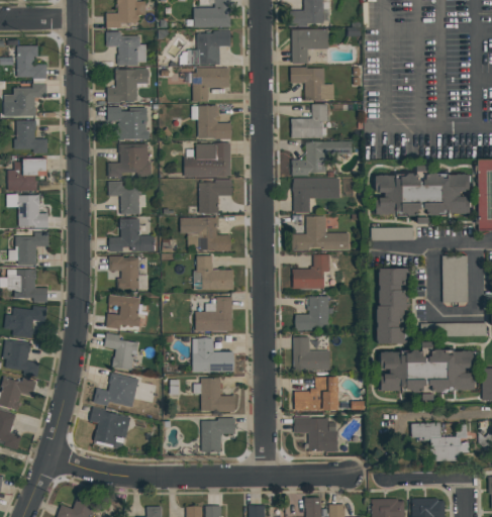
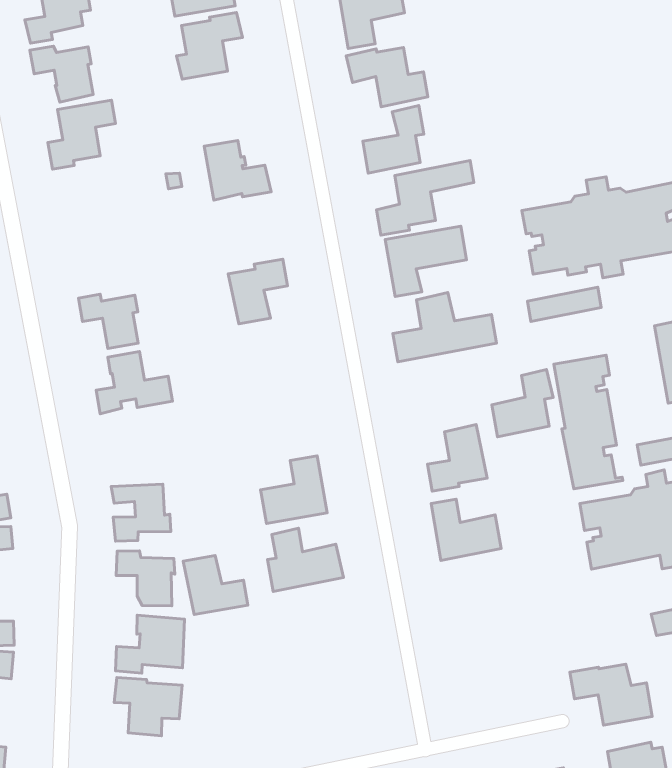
building: [193,68,229,102] -> none
building: [107,107,149,140] -> none
building: [185,143,230,178] -> none
building: [107,144,151,178] -> none
building: [180,218,231,251] -> none
building: [293,254,329,289] -> [492,369,553,437]
building: [193,255,233,290] -> none
building: [109,256,139,290] -> none
building: [294,377,338,411] -> none
building: [201,379,234,411] -> [183,556,248,615]
building: [294,417,337,451] -> [570,664,652,725]
building: [201,418,235,452] -> none

